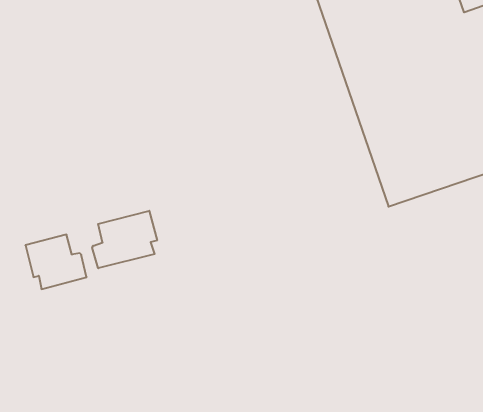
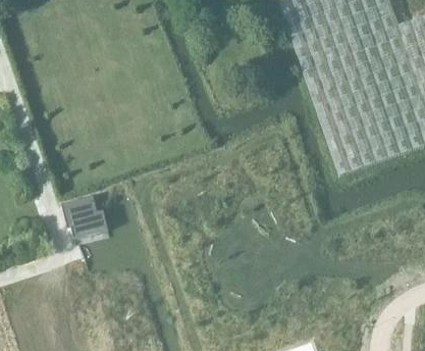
building: [92,211,157,268] -> none

